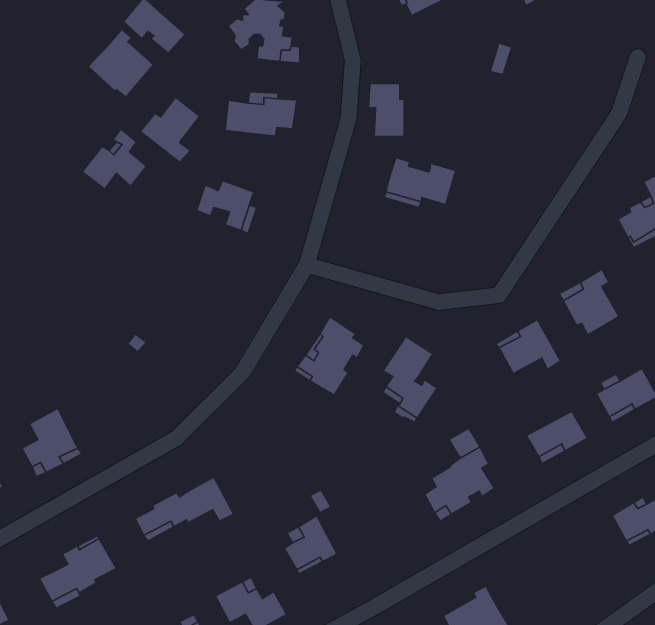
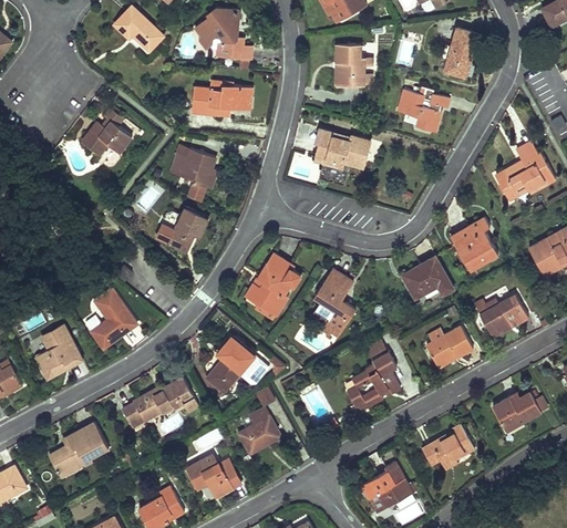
building: none -> [444,29,482,77]
building: [88,29,154,97] -> none
building: [368,84,404,137] -> [337,44,364,85]
building: [140,97,200,162] -> none
building: none -> [399,87,451,132]
building: none -> [168,207,208,250]
building: none -> [91,289,136,348]
building: none -> [207,337,255,392]
building: none -> [422,424,474,467]

